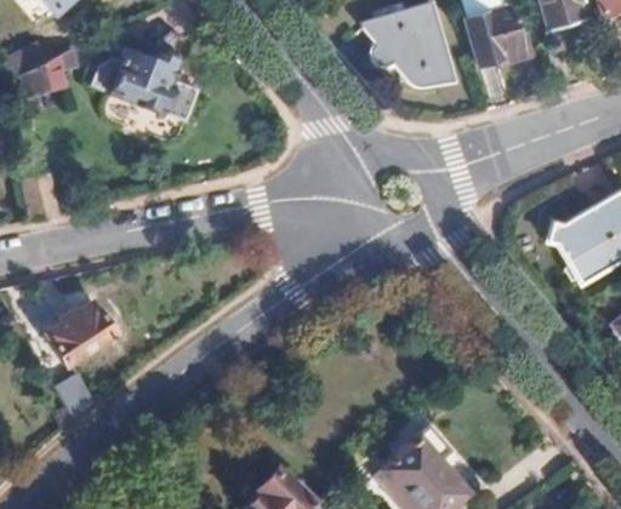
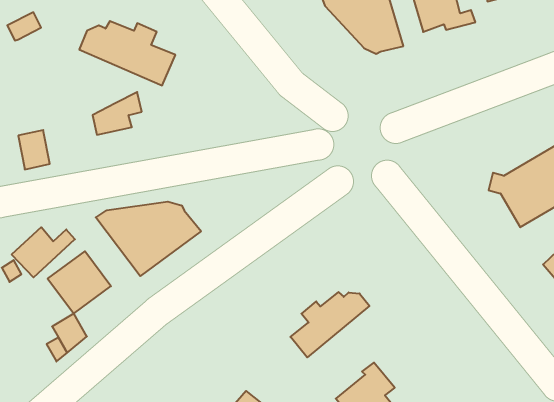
building: [24,48,79,96] -> [93,92,142,135]
building: none -> [96,202,201,276]
building: none -> [290,292,369,357]

